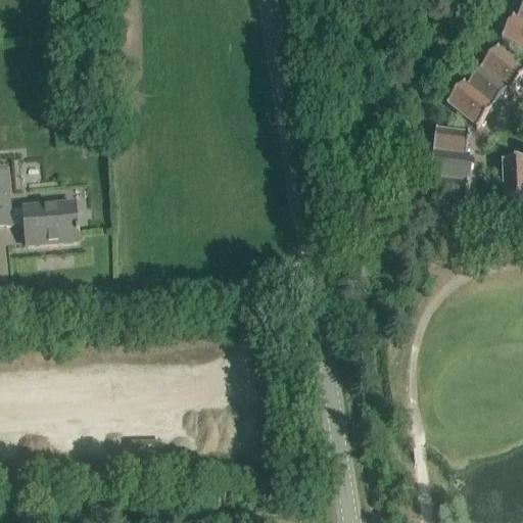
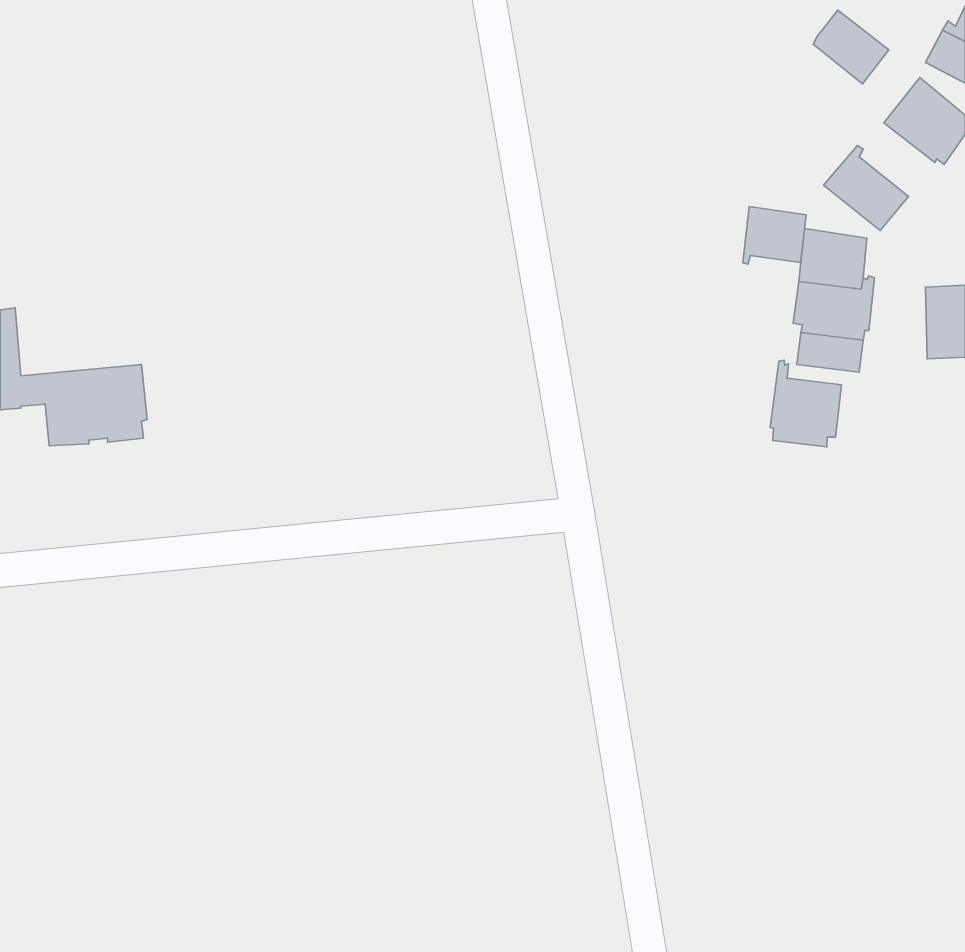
building: [465,66,506,106] -> [813,10,889,84]
building: none -> [743,206,806,264]
building: none -> [770,360,841,447]

